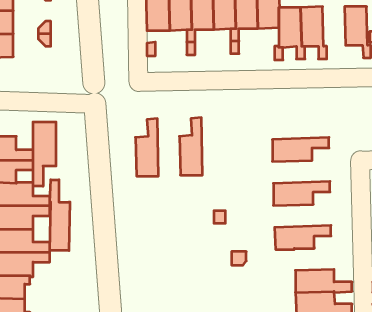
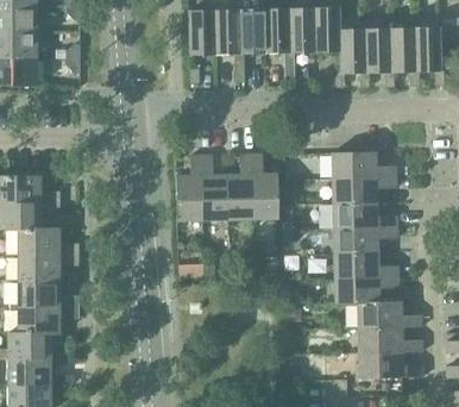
building: none -> [389,27,420,86]
building: none -> [331,151,396,179]
building: none -> [251,154,278,219]
building: none -> [201,155,227,220]
building: [33,122,56,186] -> none
building: none -> [332,202,397,228]
building: [50,180,70,251] -> none
building: none -> [333,252,398,278]
building: none -> [357,301,422,327]

